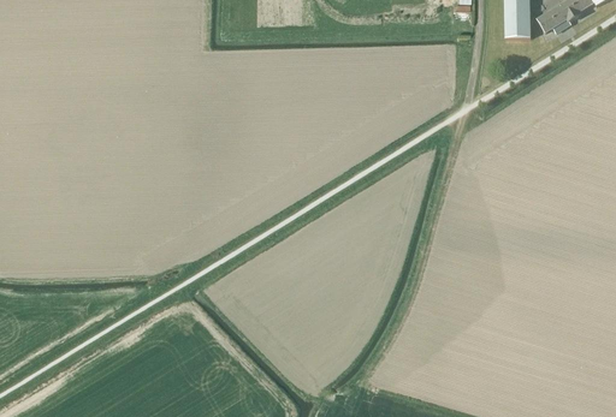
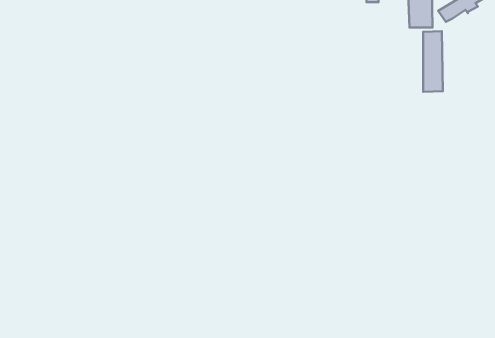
building: none -> [423,31,443,92]

